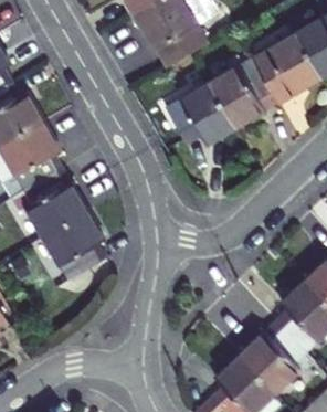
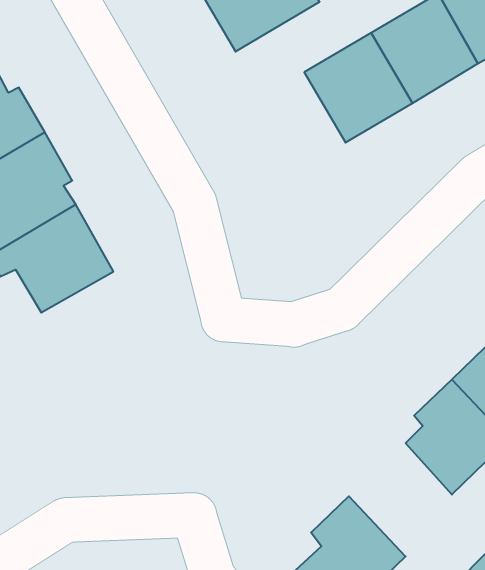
building: [165,82,236,145] -> none
building: [41,210,106,281] -> none
building: [239,320,314,393] -> none

